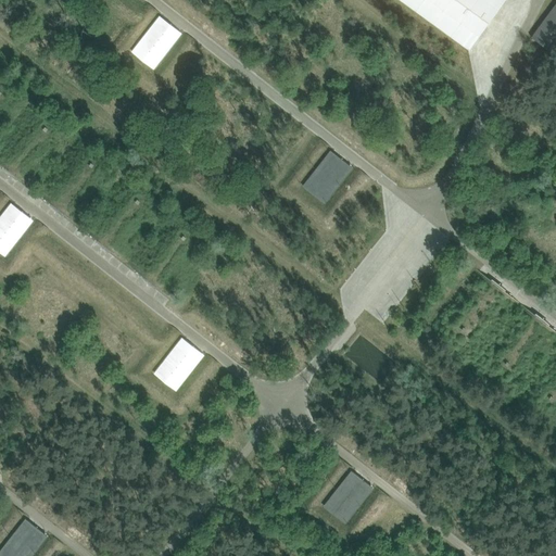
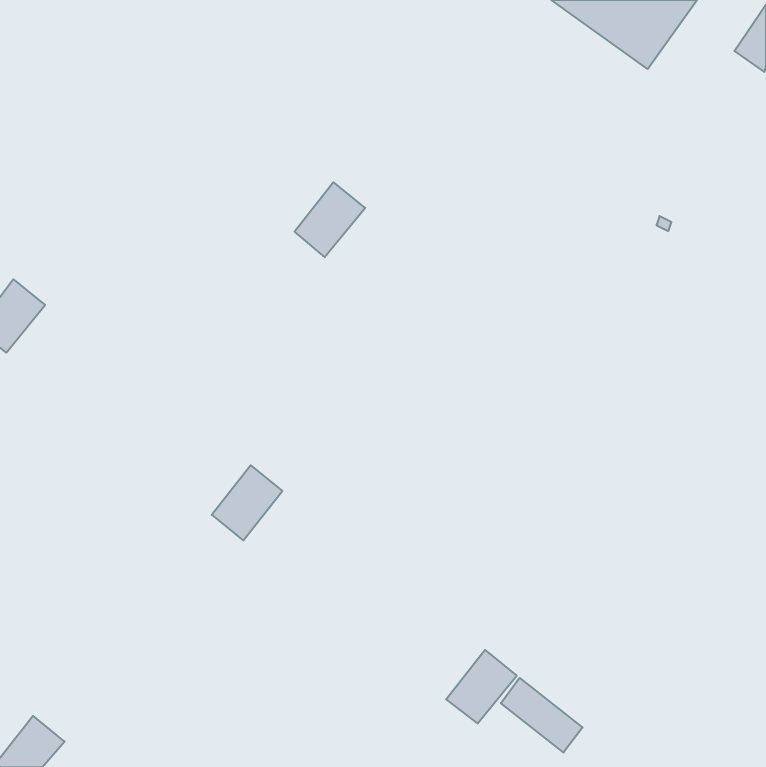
building: [130,15,181,70] -> none
building: [302,150,353,204] -> [295,182,365,257]
building: none -> [501,678,583,753]

